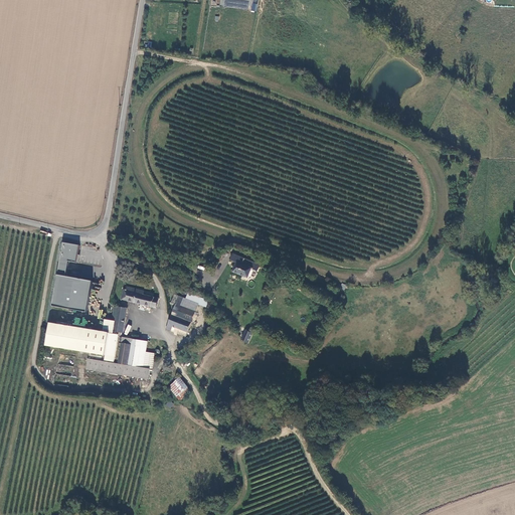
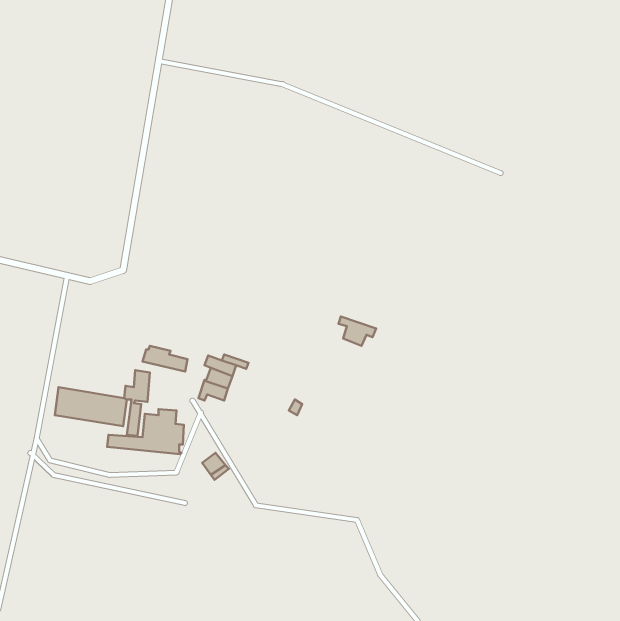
building: [52,241,93,312] -> none
building: [227,254,259,279] -> [338,316,376,346]

